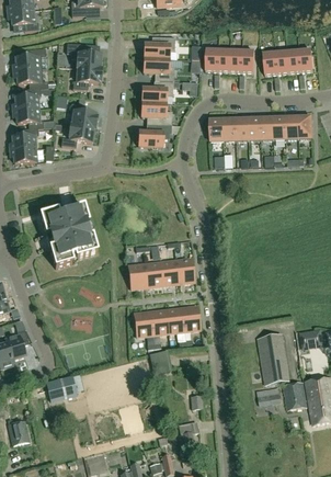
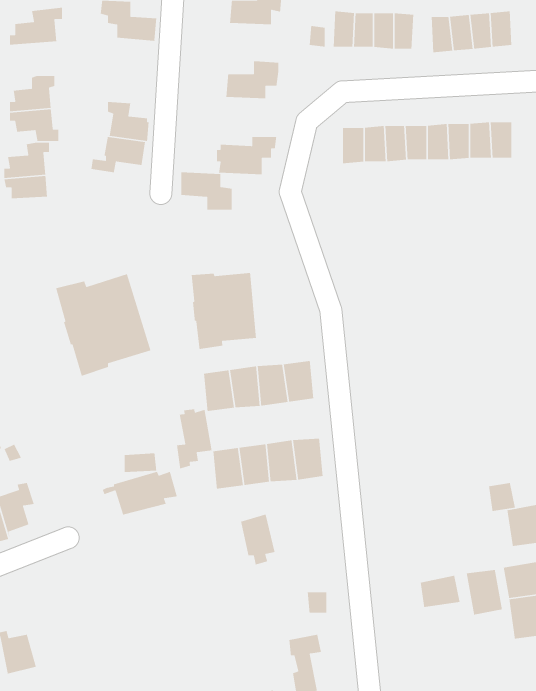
building: [144,57,174,80] -> none
building: [73,66,101,88] -> none
building: [13,68,48,88] -> none
building: [141,101,172,124] -> [181,172,232,210]
building: none -> [191,272,257,350]
building: none -> [176,408,213,469]
building: [258,332,289,383] -> none
building: [38,373,83,399] -> [102,471,178,515]

